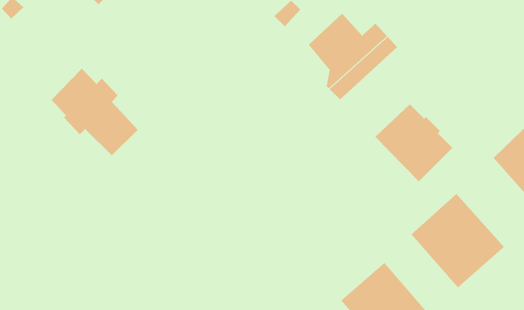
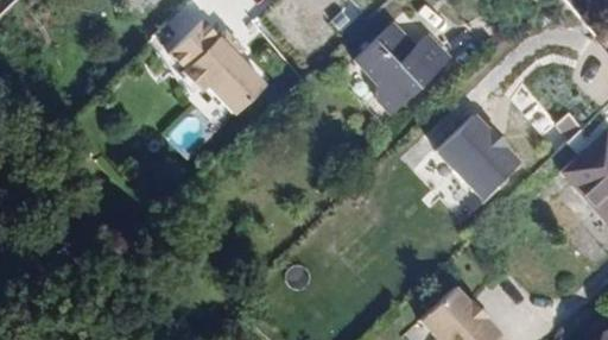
building: [51,68,138,156] -> [167,20,261,115]
building: [411,193,505,288] -> none

